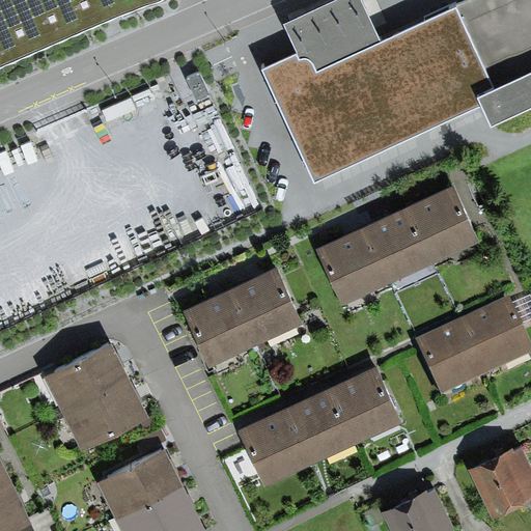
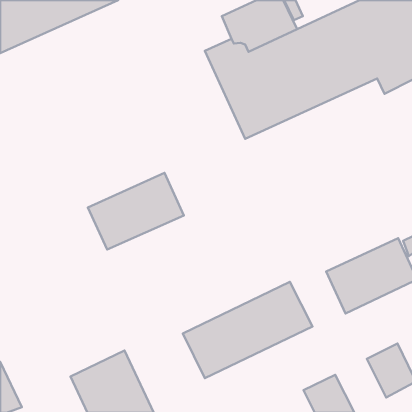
building: [316,185,476,303] -> none
building: [180,267,304,365] -> [88,173,184,249]
building: [45,353,144,452] -> none

